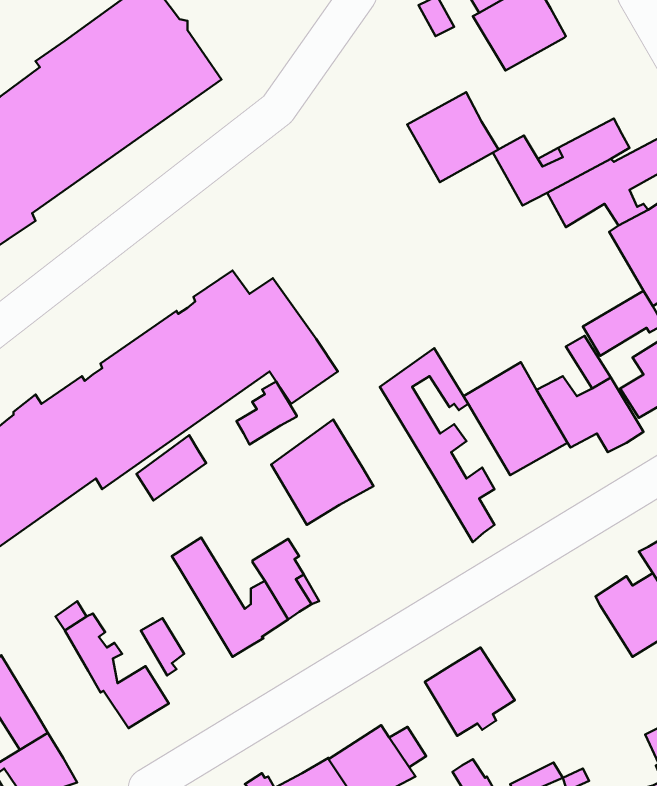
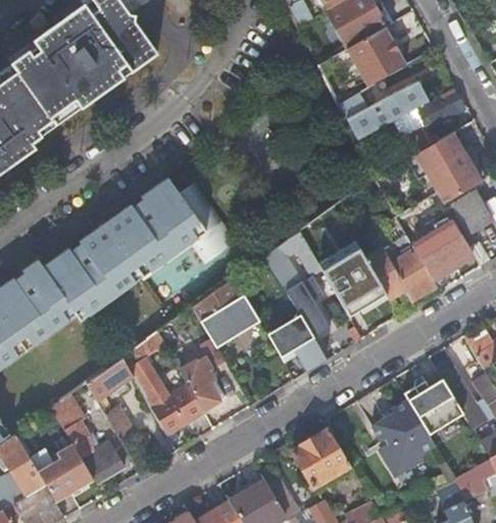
building: [407,92,499,182] -> [346,27,406,86]
building: [236,381,297,445] -> none
building: [136,435,206,500] -> [86,358,132,400]
building: none -> [267,316,326,370]
building: none -> [373,400,436,474]
building: none -> [38,443,93,501]

